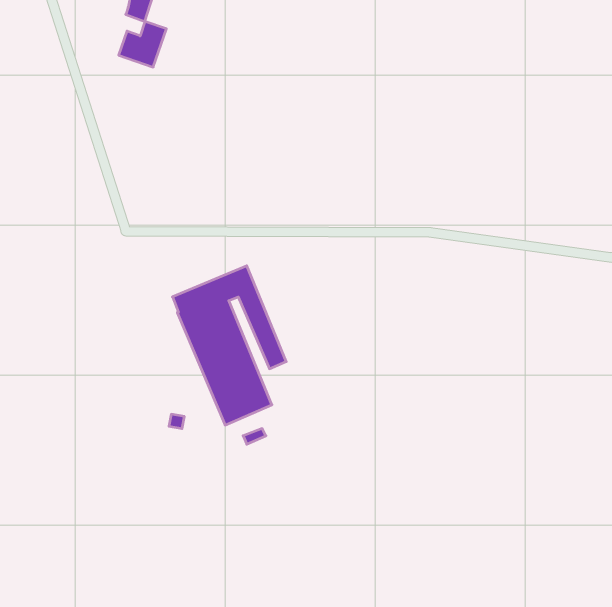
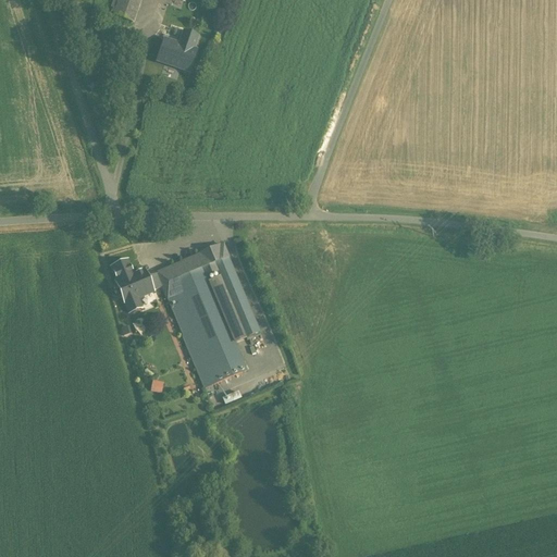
building: [119,22,166,67] -> [157,27,200,69]
building: none -> [112,259,162,310]

